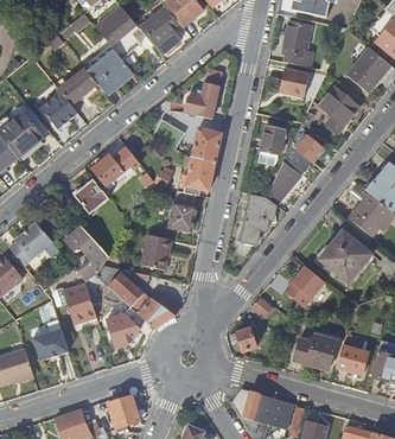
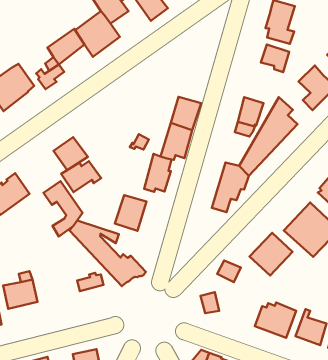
building: [183,83,219,119] -> none
building: [91,152,133,185] -> [61,161,101,192]
building: [53,284,97,324] -> none

